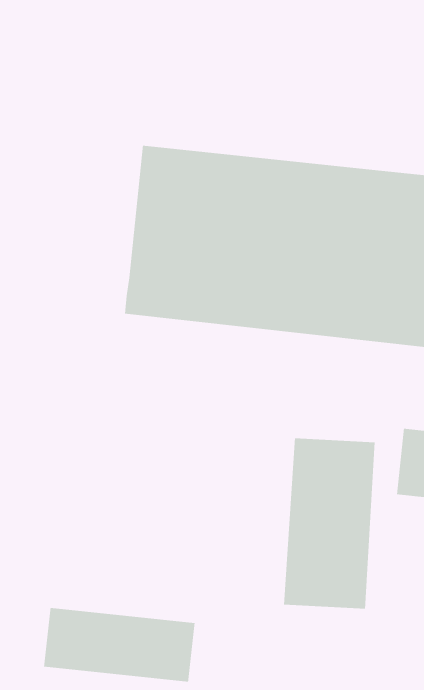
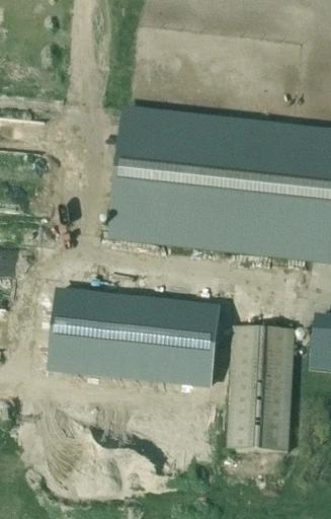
building: none -> [47,296,219,382]
building: [44,607,195,682] -> none

